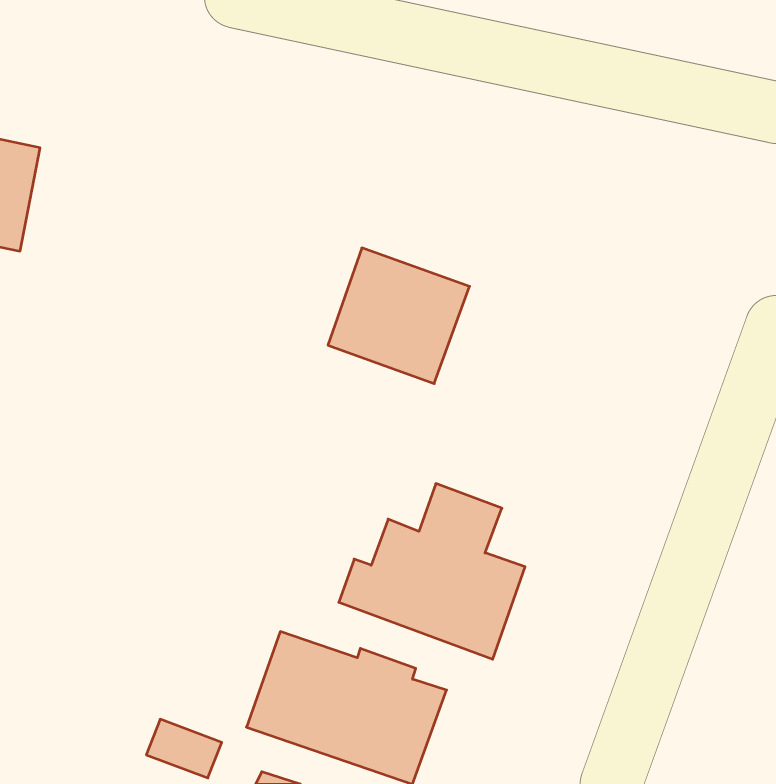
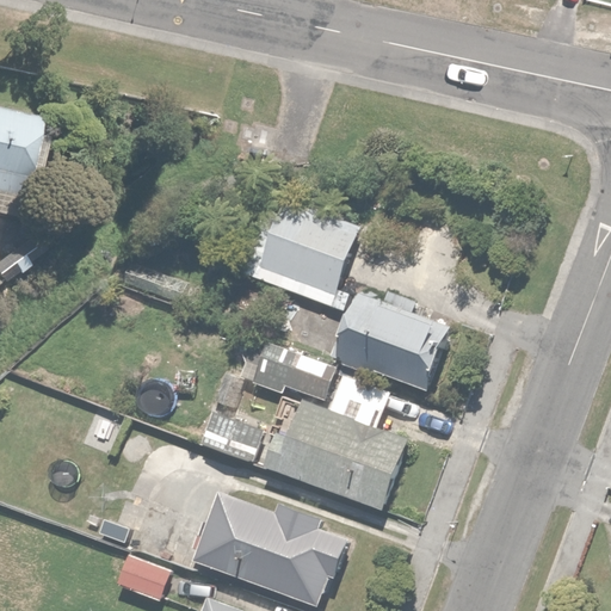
building: none -> [334,295,452,395]
building: none -> [248,341,335,405]
building: none -> [196,411,265,464]

